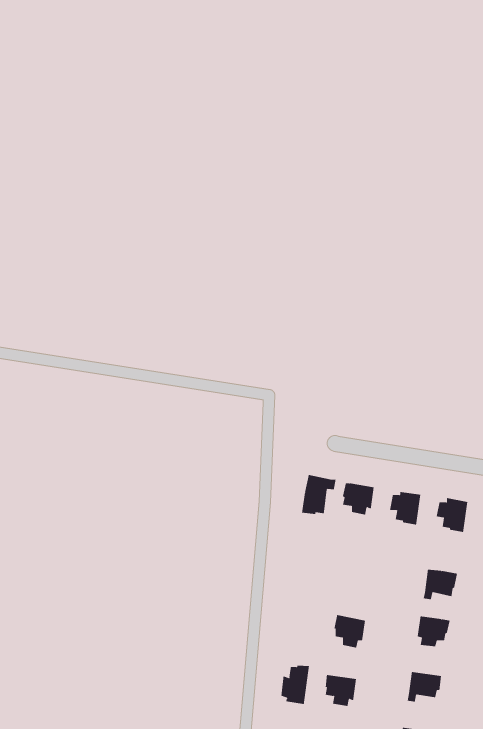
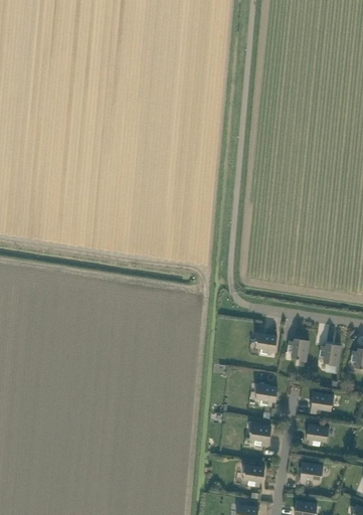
building: [301,474,336,515] -> none
building: none -> [254,383,278,406]
building: [281,665,310,705] -> none

